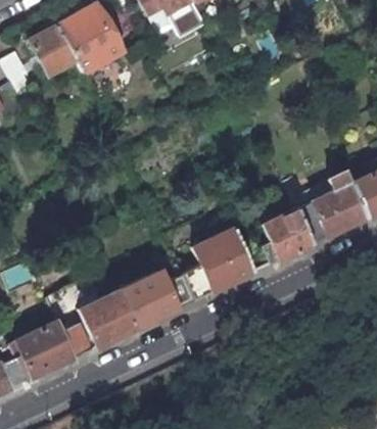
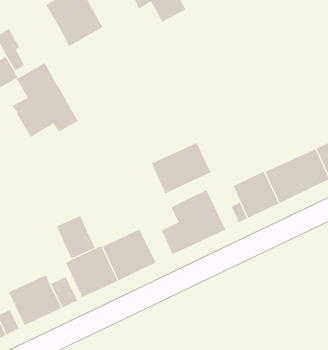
building: [31,26,78,74] -> none
building: none -> [12,62,78,138]
building: none -> [151,142,211,194]
building: none -> [56,215,96,259]

